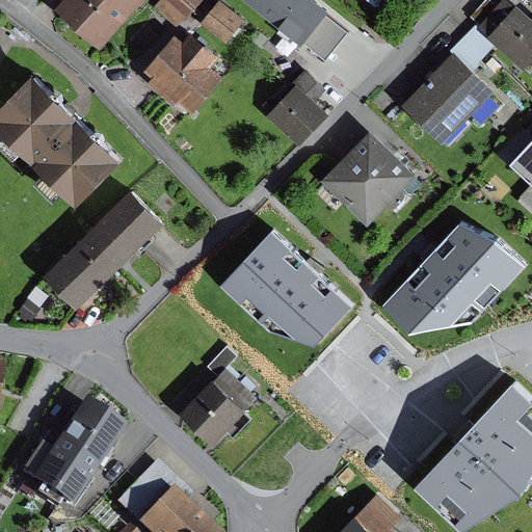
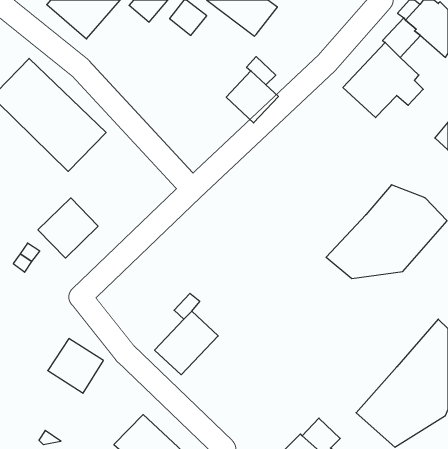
building: [301,16,345,61] -> none
building: [142,32,220,111] -> none
building: [321,130,417,224] -> none
building: [83,190,163,269] -> none
building: [220,229,354,343] -> none
building: [19,438,98,510] -> none
building: [112,462,175,526] -> none

